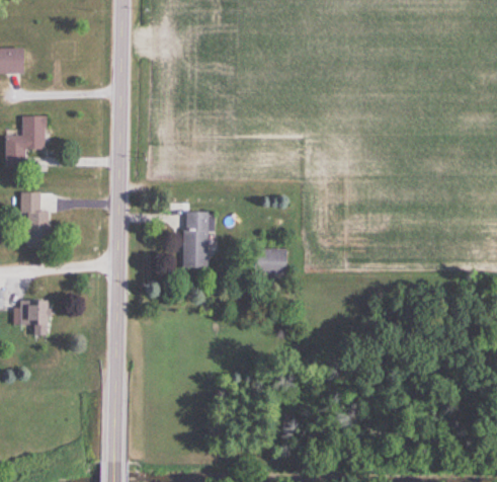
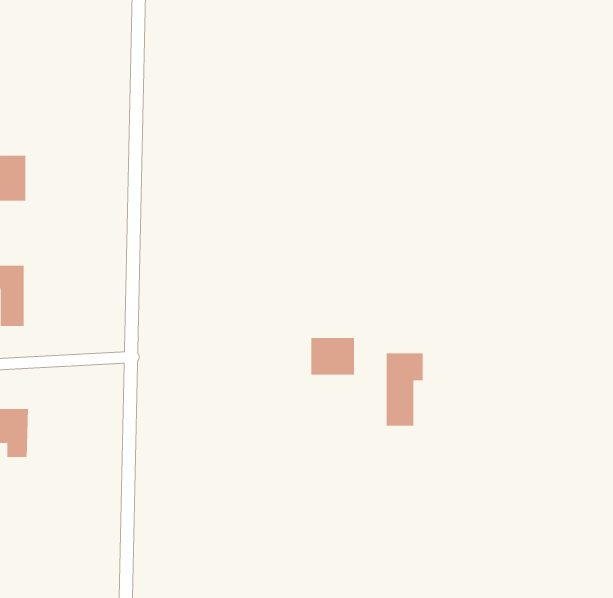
building: [183,211,208,267] -> none
building: none -> [386,353,423,427]

